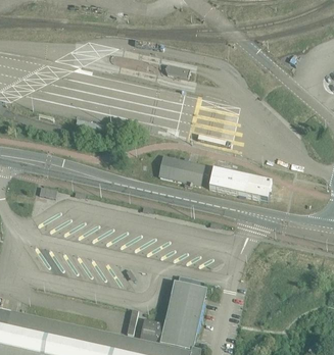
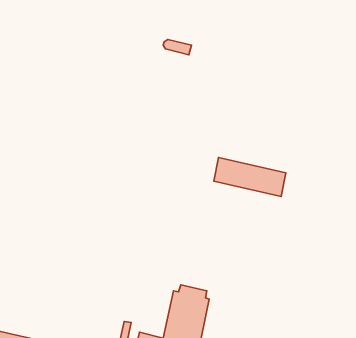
building: [157,158,202,189] -> none

